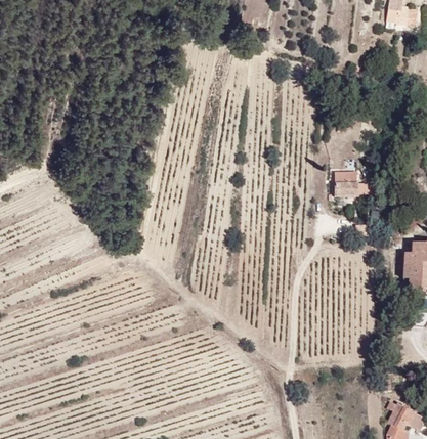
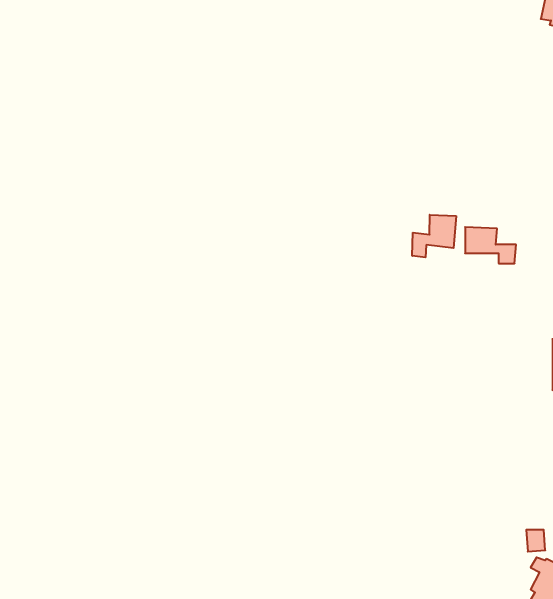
building: none -> [412,215,456,257]

